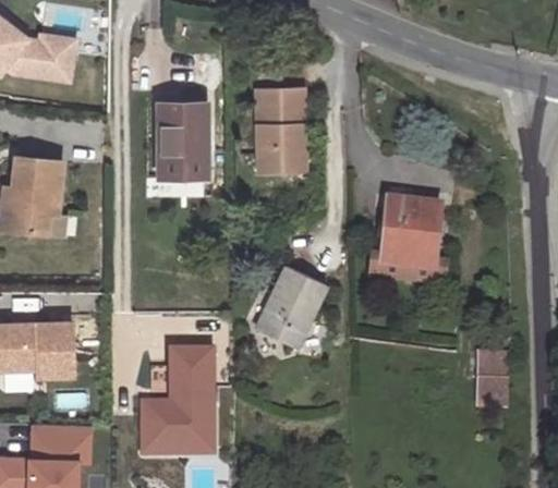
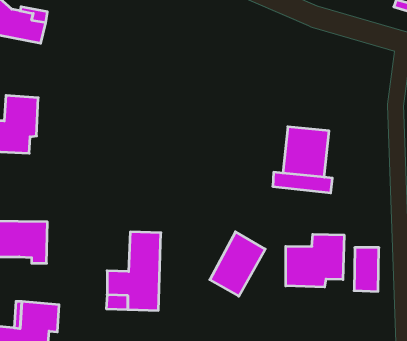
building: [255,88,305,171] -> none
building: [159,107,204,181] -> none
building: [253,261,326,346] -> [210,232,265,296]
building: none -> [286,234,344,287]

